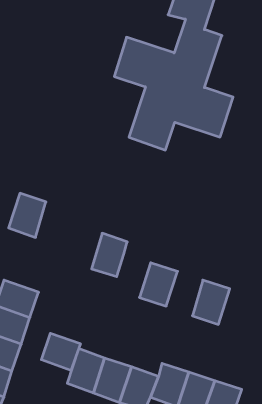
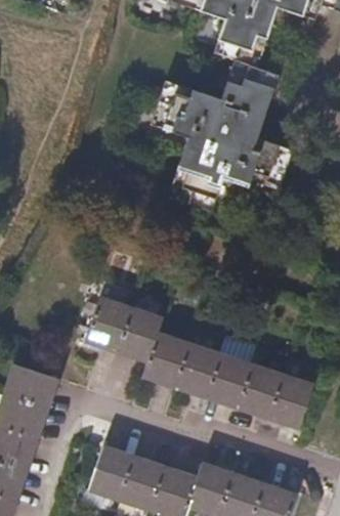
building: [9,193,46,237] -> [89,298,133,350]
building: none -> [146,333,190,384]
building: none -> [209,353,252,405]
building: none -> [270,374,314,426]
building: [41,333,80,371] -> none

